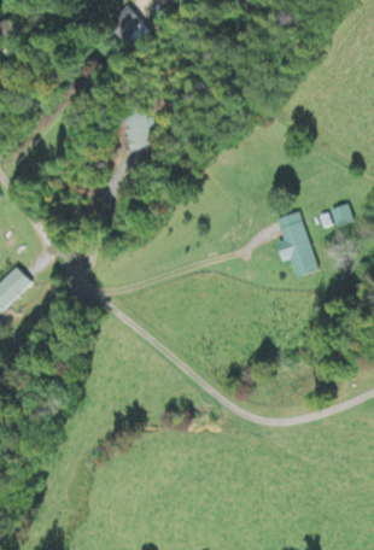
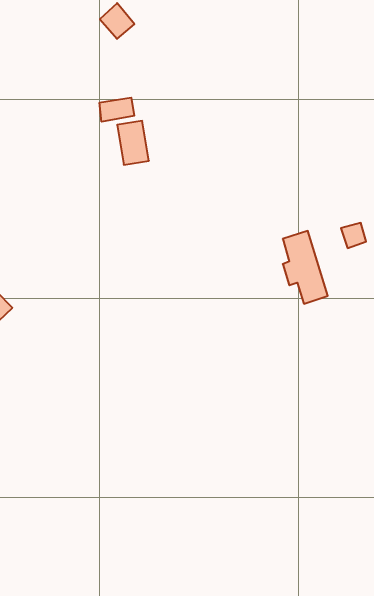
building: none -> [100,98,134,122]

